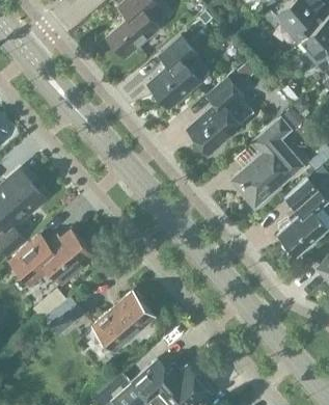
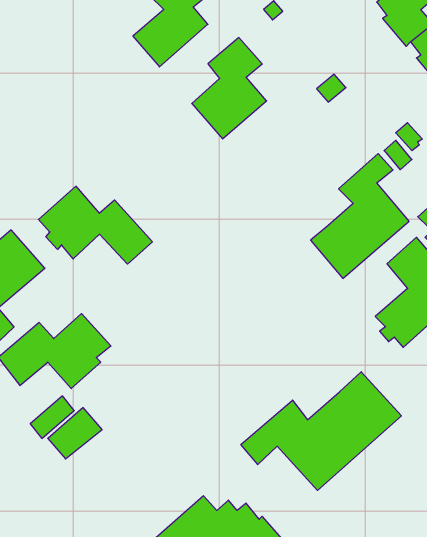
building: [187,77,242,153] -> none
building: none -> [38,186,152,264]
building: none -> [241,372,401,490]
building: [92,293,154,352] -> none

